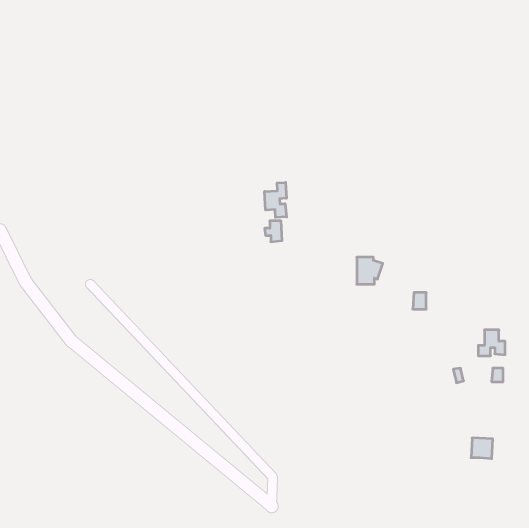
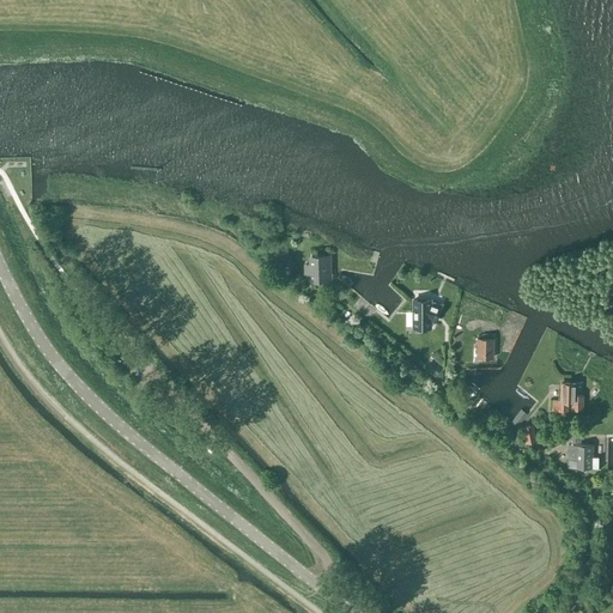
building: [265,182,287,217] -> none
building: [471,438,493,459] -> [569,445,594,469]

